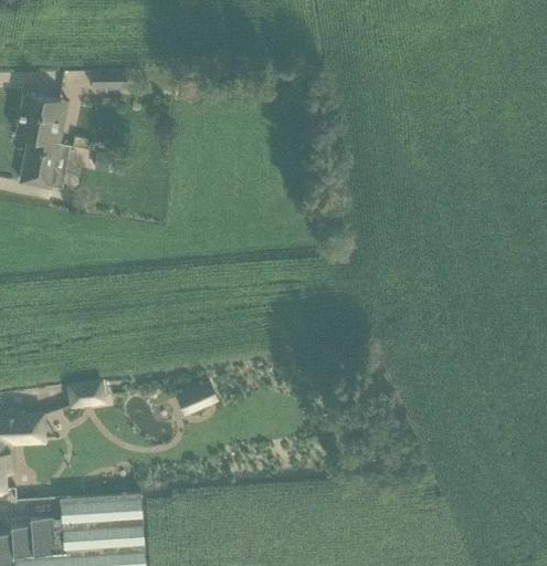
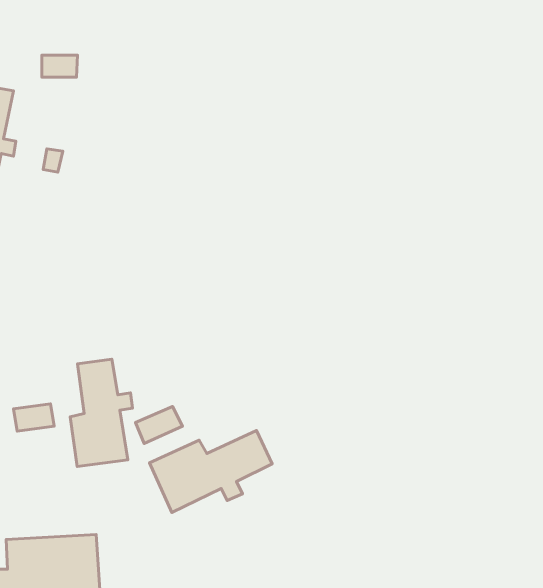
building: none -> [70,359,133,467]
building: none -> [149,431,272,512]

